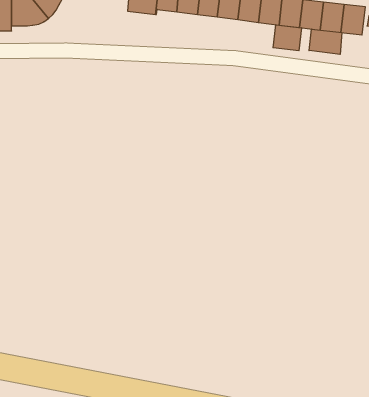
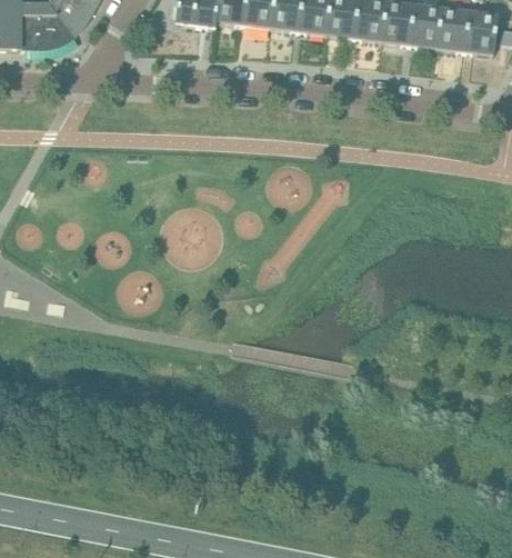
building: [273,25,302,51] -> none
building: [309,29,342,54] -> none

